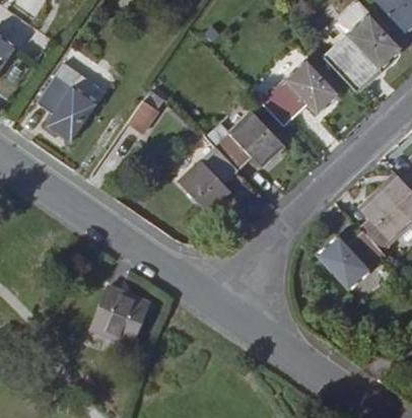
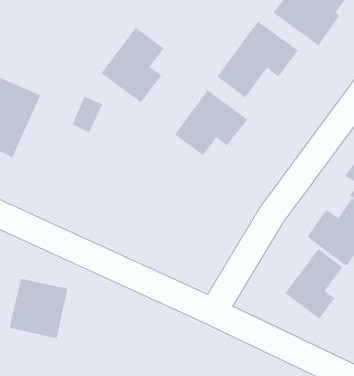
building: [179,146,238,214] -> [101,27,165,103]
building: none -> [285,248,343,320]
building: [94,287,152,346] -> [9,278,68,339]

